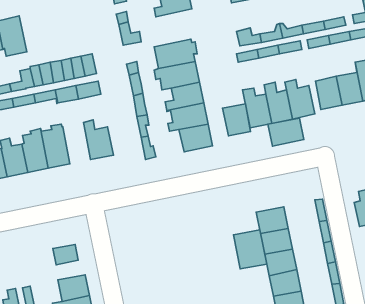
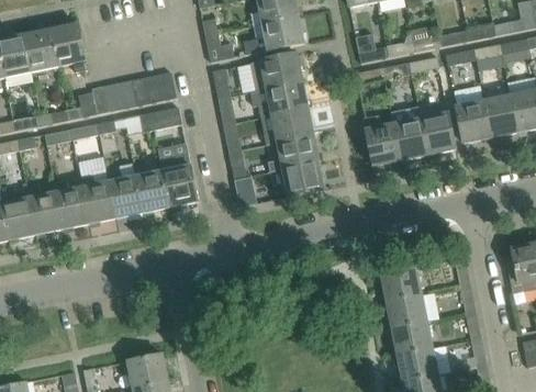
building: none -> [244,14,304,55]
building: [223,104,250,136] -> none
building: [268,118,304,146] -> none
building: none -> [134,163,169,212]
building: [233,230,267,269] -> none
building: [53,244,78,265] -> none

